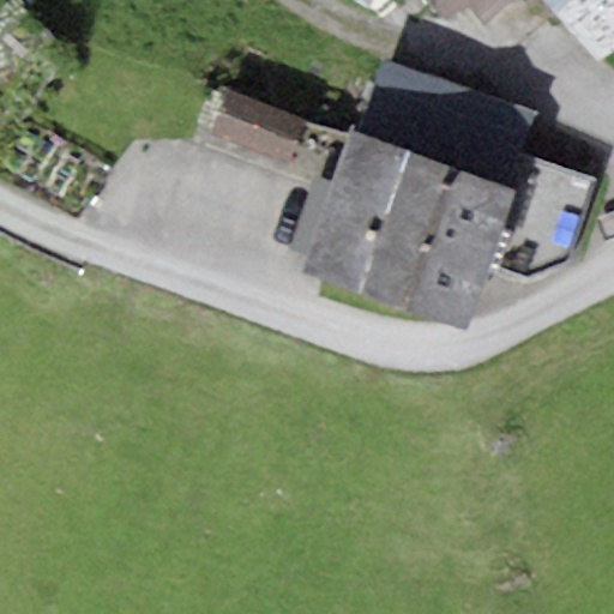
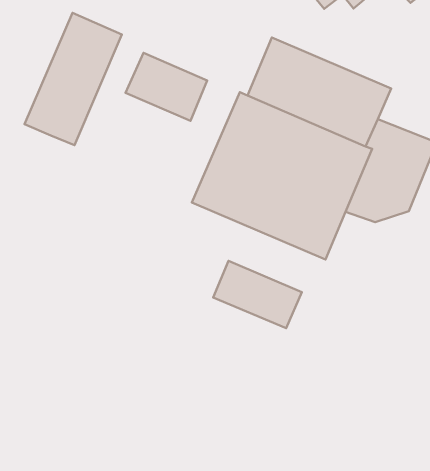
building: none -> [25,13,122,145]
building: none -> [213,261,302,328]

